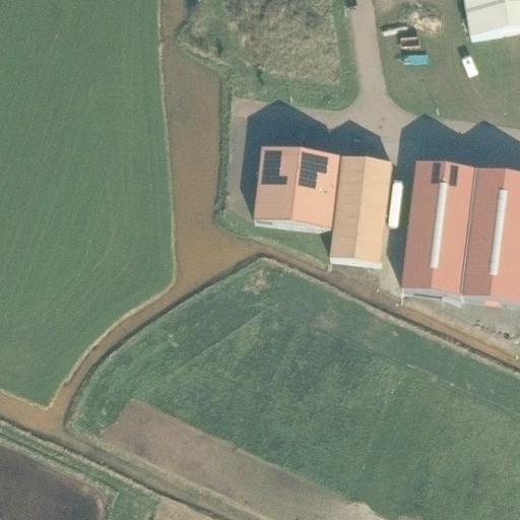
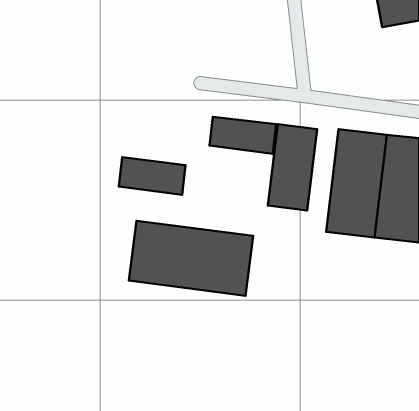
building: [255,180,337,226] -> [119,157,185,195]
building: none -> [129,221,253,296]

